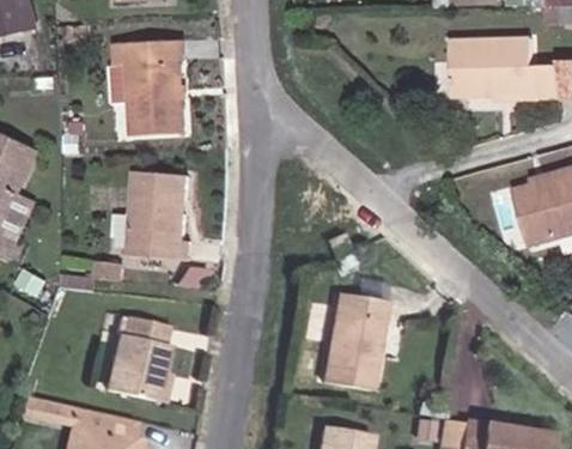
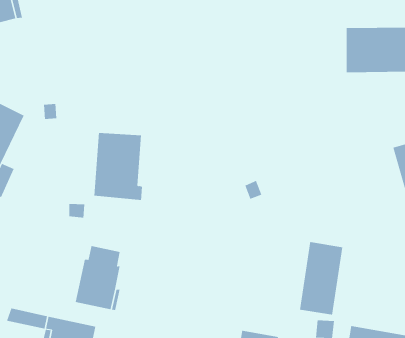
building: [116,41,183,133] -> none
building: [321,298,377,393] -> [299,242,343,315]

